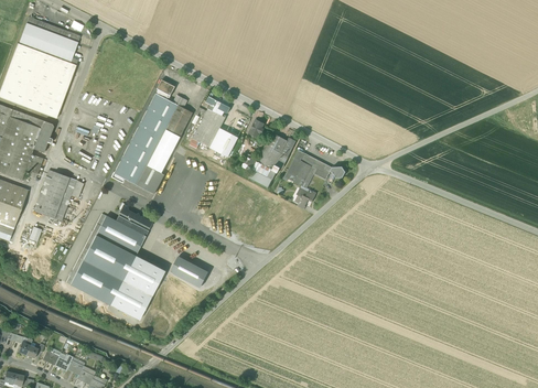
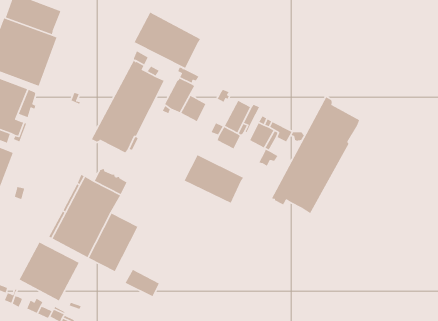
building: none -> [133,12,201,69]
building: none -> [271,96,360,214]
building: [33,170,84,222] -> none
building: none -> [184,154,244,204]
building: [170,257,208,288] -> [124,269,160,297]
building: none -> [19,241,80,301]

